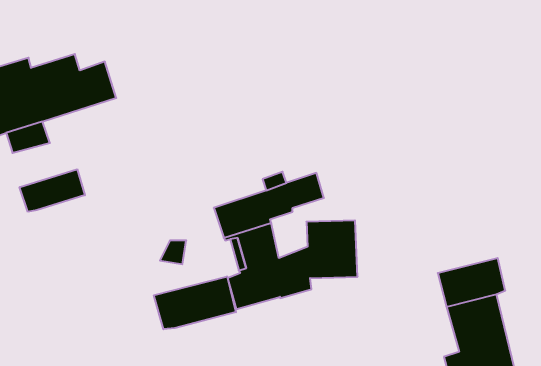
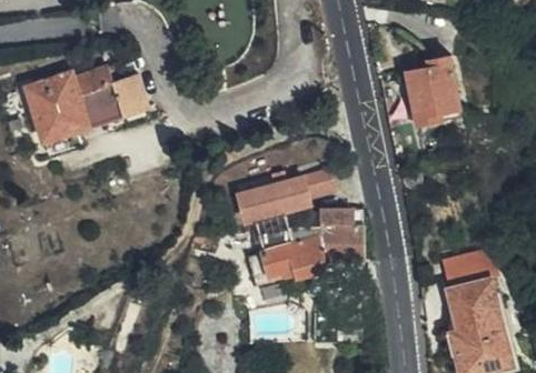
building: none -> [404,58,457,127]
building: [20,169,85,212] -> none
building: [154,276,236,329] -> none

